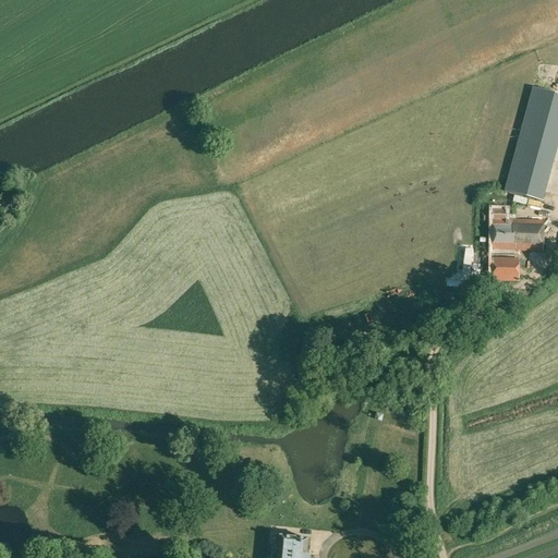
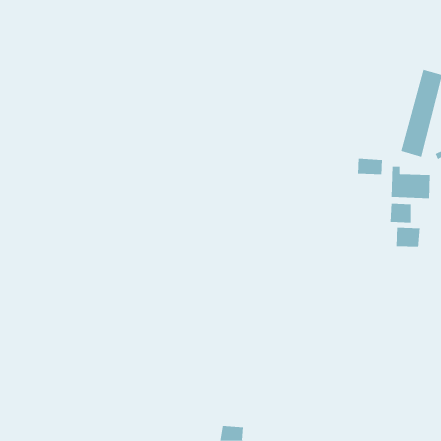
building: none -> [357,158,382,175]
building: none -> [396,227,420,248]

